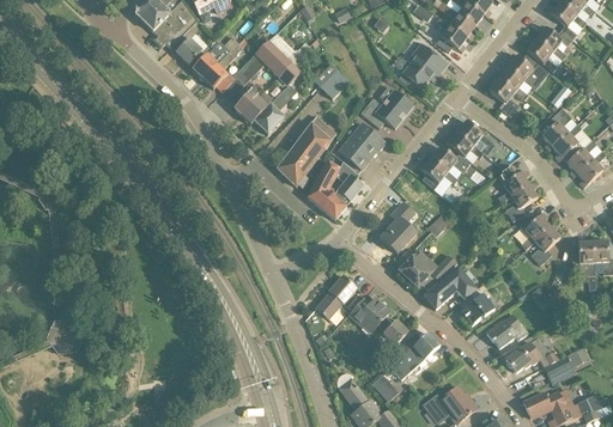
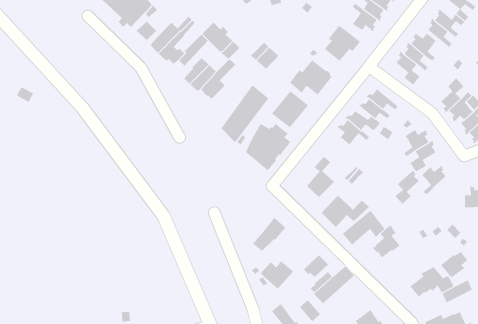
building: [530,222,560,264] -> [395,170,419,205]
building: [350,297,390,331] -> [260,261,294,289]
building: [486,315,520,347] -> [440,251,468,278]

